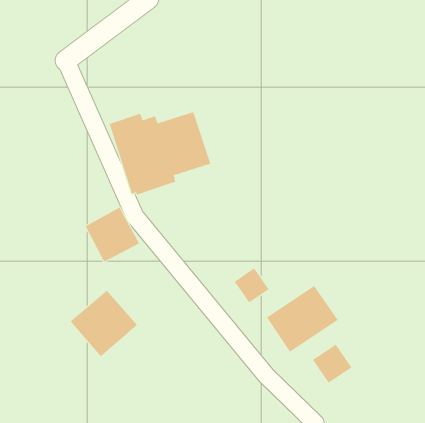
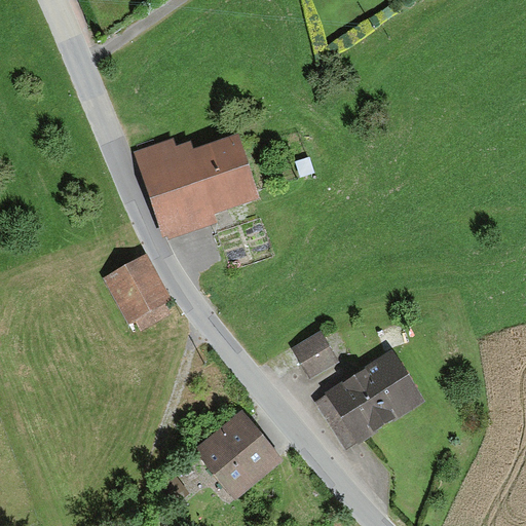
building: [70,290,138,357] -> [193,409,277,492]
building: [312,344,352,384] -> none

